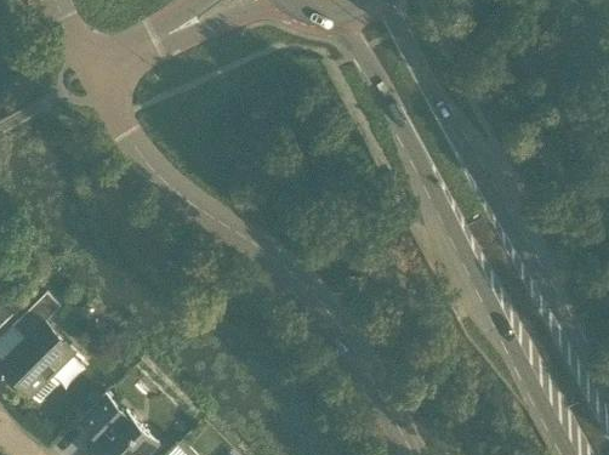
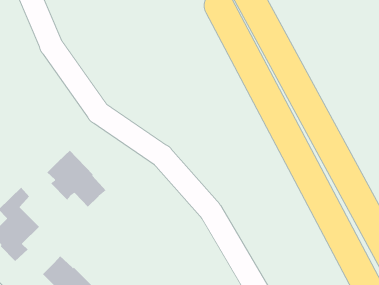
building: none -> [46,150,106,207]

